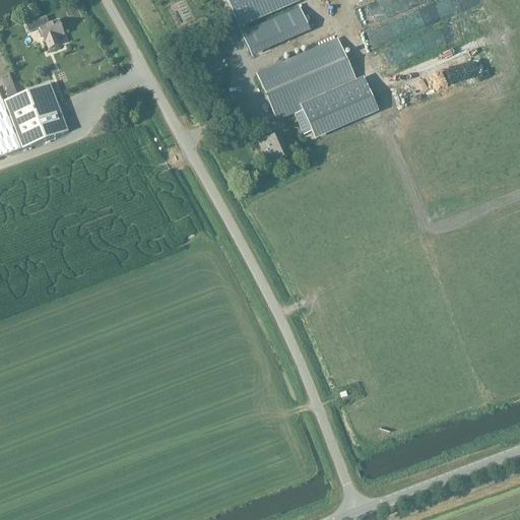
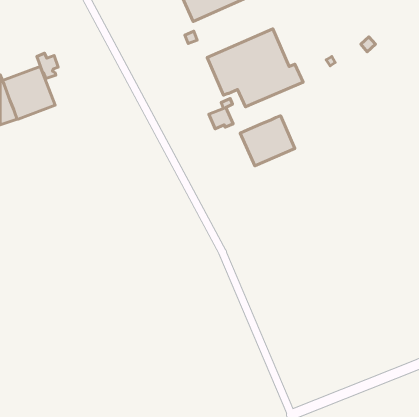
building: [243,6,311,54] -> none
building: [38,15,64,47] -> [37,53,58,79]
building: none -> [240,116,295,166]

